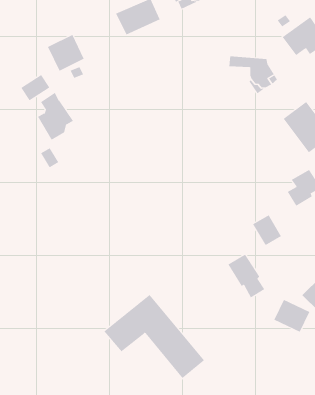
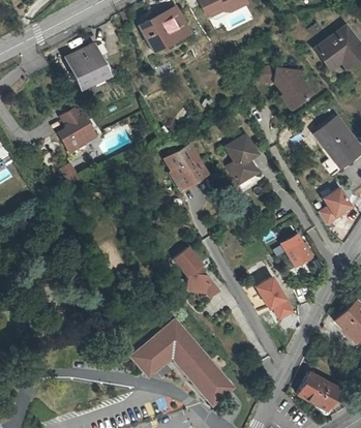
building: [21,74,50,101] -> none
building: none -> [223,135,255,185]
building: none -> [168,145,208,186]
building: none -> [172,246,217,296]
building: [274,299,310,333] -> [301,372,339,407]

